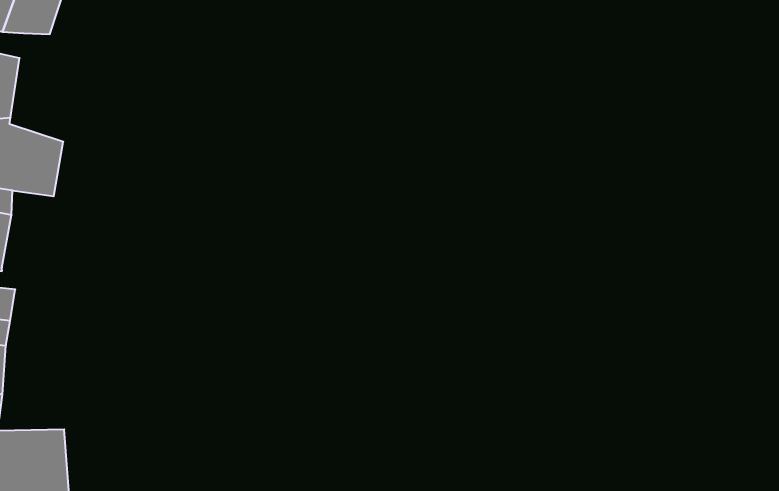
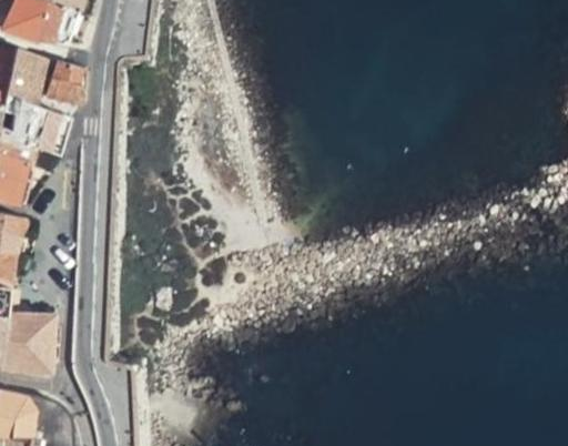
building: none -> [39,62,81,105]

